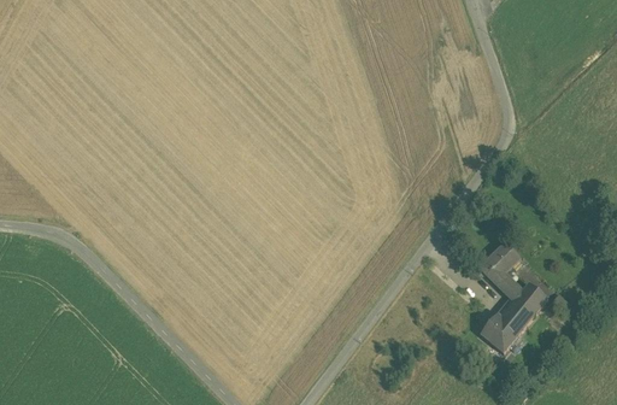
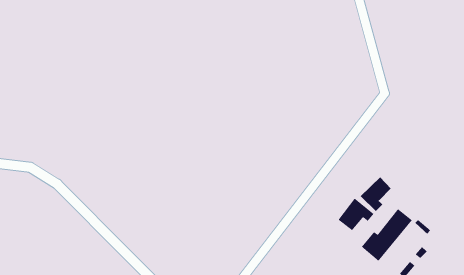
building: none -> [337,198,374,231]

